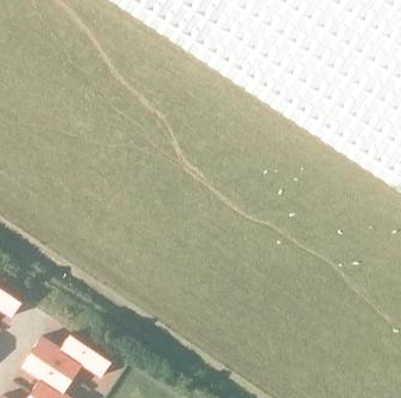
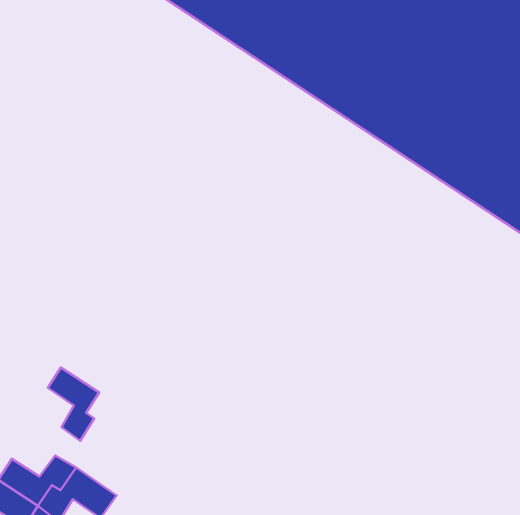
building: none -> [48,368,99,441]

